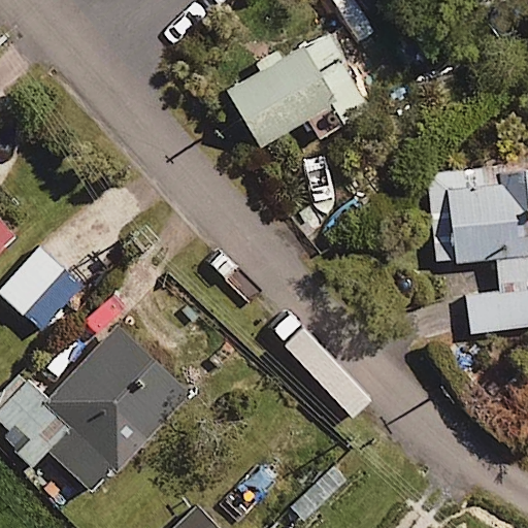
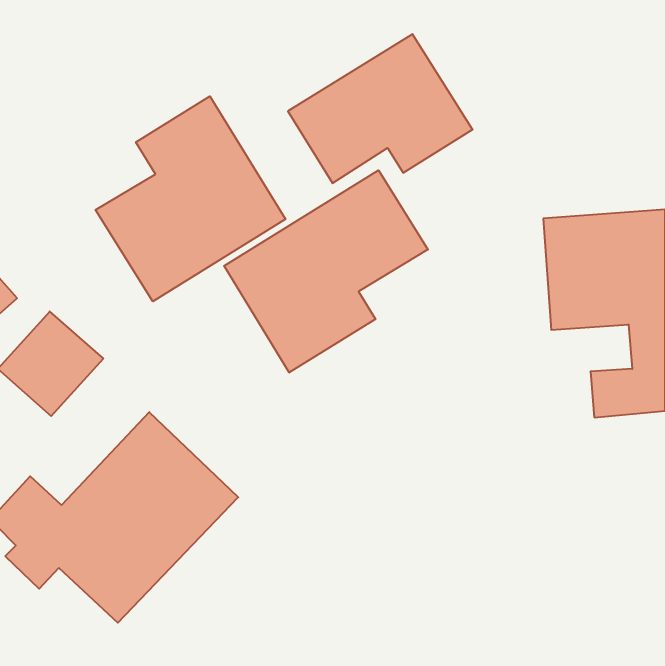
building: none -> [96,96,285,301]
building: none -> [224,170,428,373]

